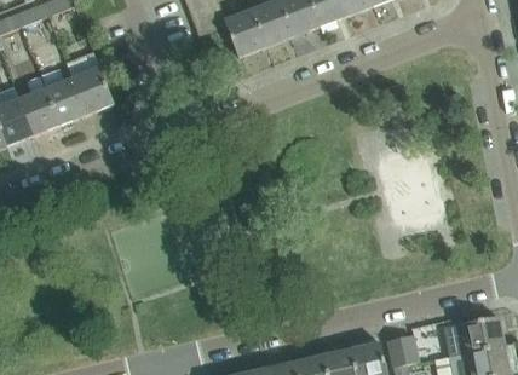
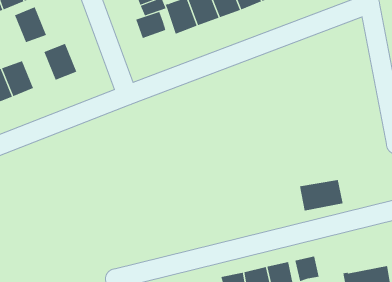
building: none -> [135,11,166,39]
building: [45,79,86,125] -> [14,6,47,43]
building: [449,317,505,357] -> [299,180,343,211]

